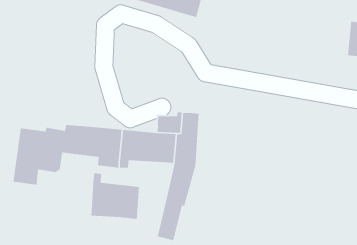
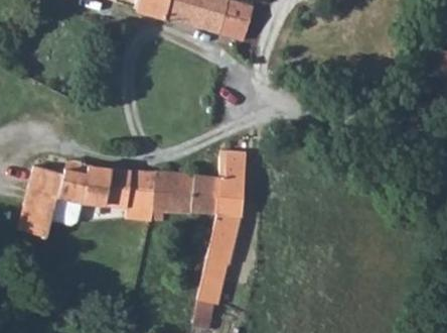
building: [90,172,140,220] -> none

